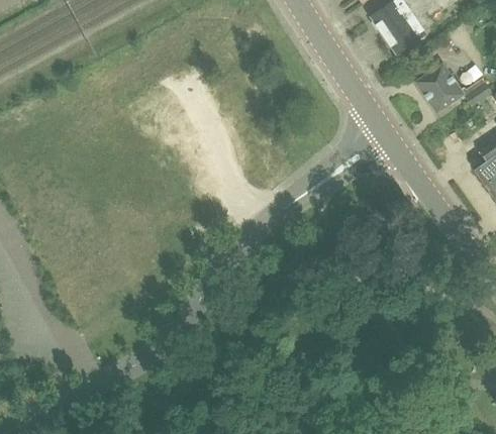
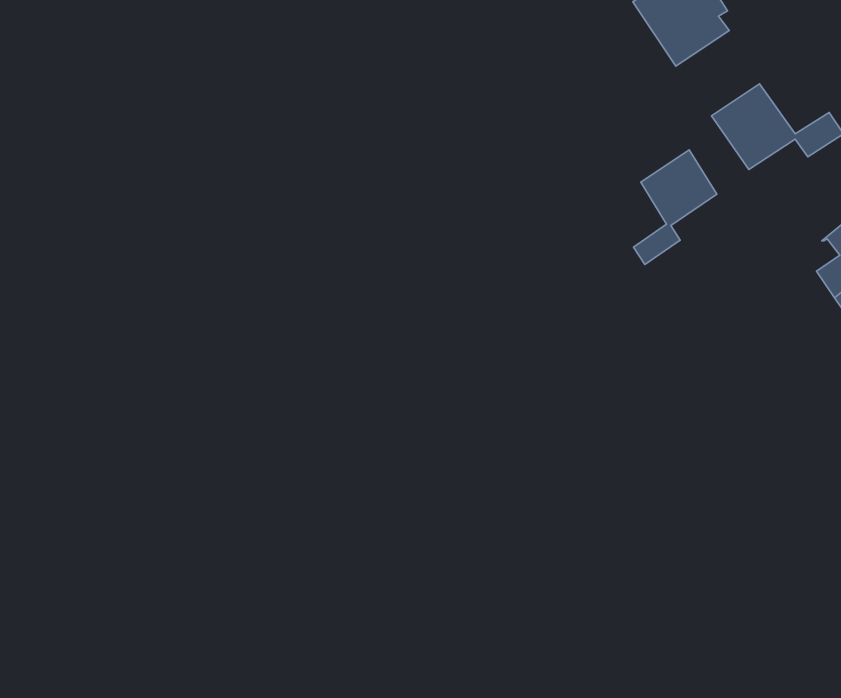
building: none -> [633,150,717,264]

